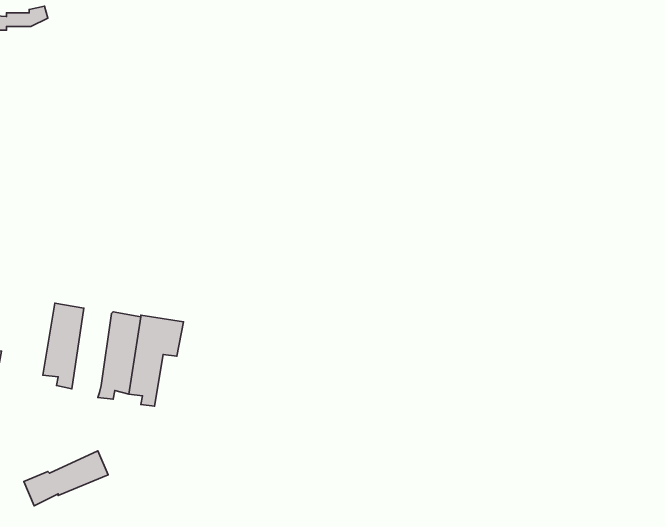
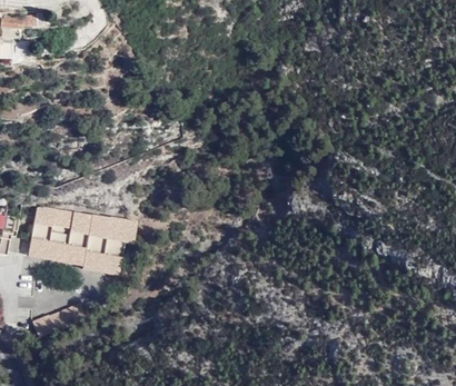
building: none -> [27,204,53,257]
building: none -> [65,209,90,263]

